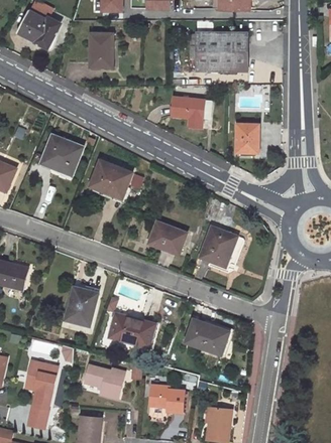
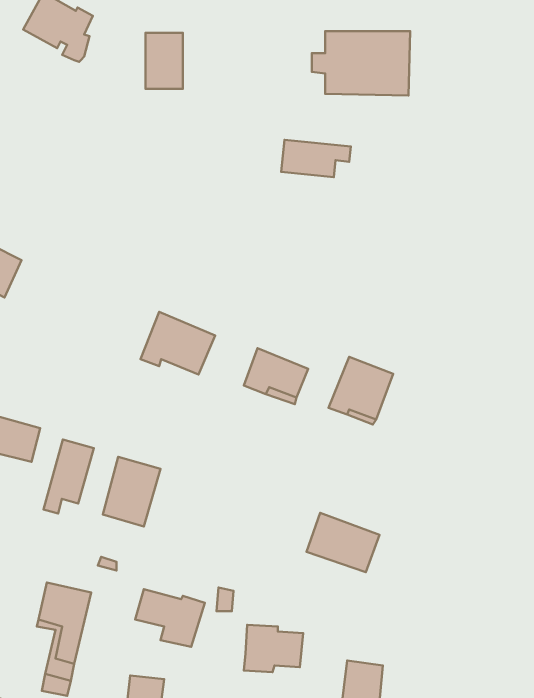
building: [237,125,259,153] -> none
building: [40,134,84,176] -> none
building: [90,159,134,196] -> [141,312,215,375]
building: none -> [43,440,94,513]
building: [110,315,155,348] -> none

